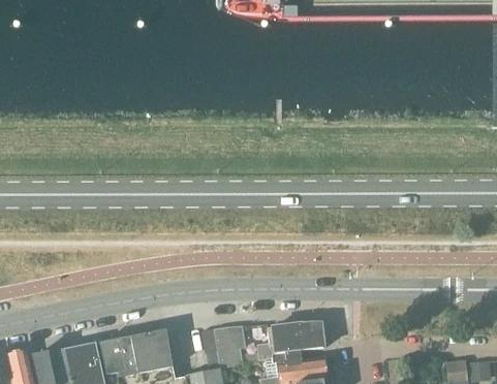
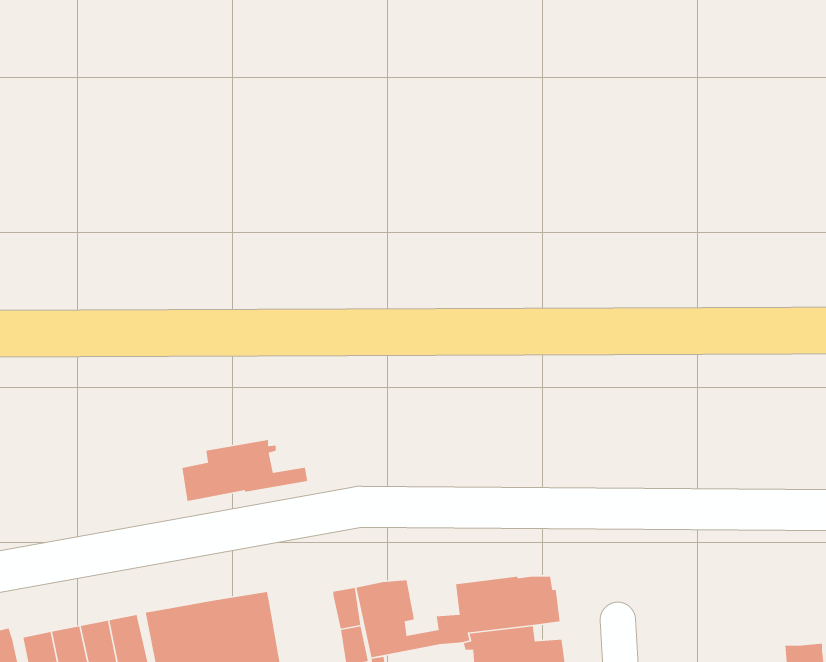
building: none -> [181,439,308,502]

